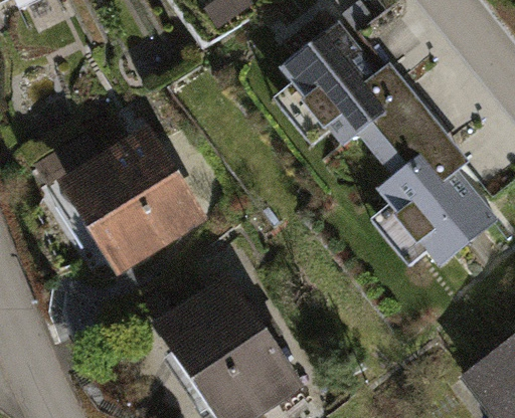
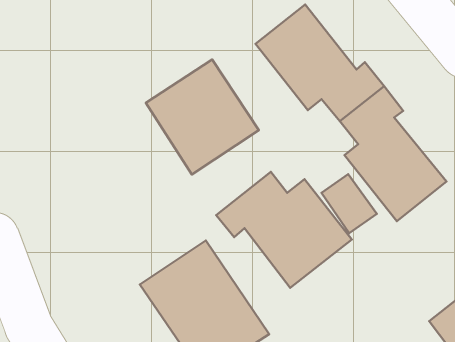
building: [76,139,200,264] -> [146,60,259,174]
building: none -> [216,172,352,288]

